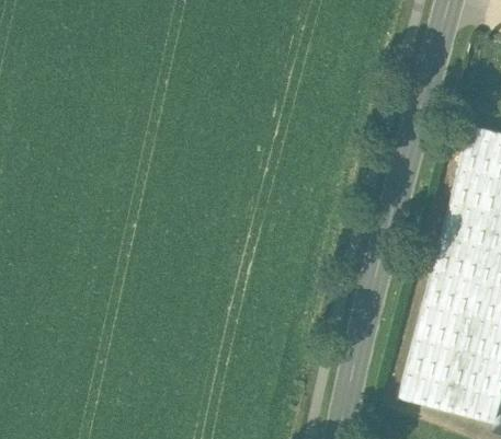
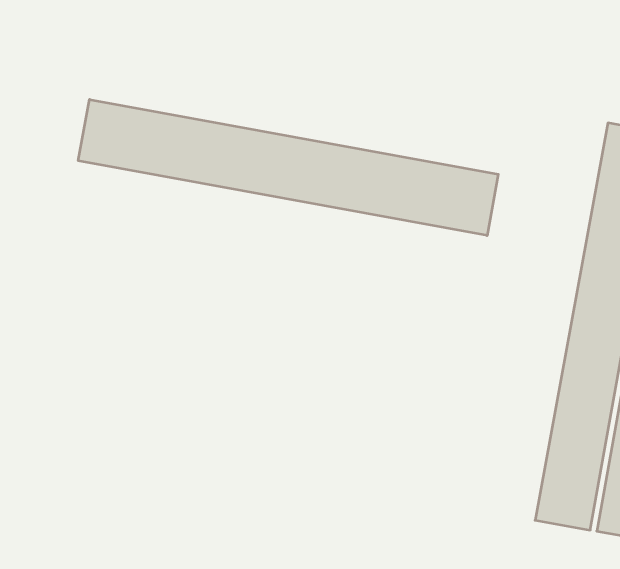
building: none -> [78,99,498,236]

